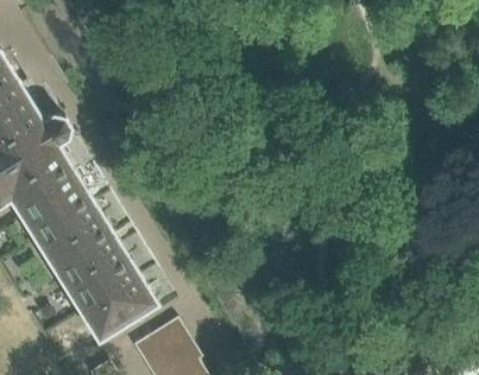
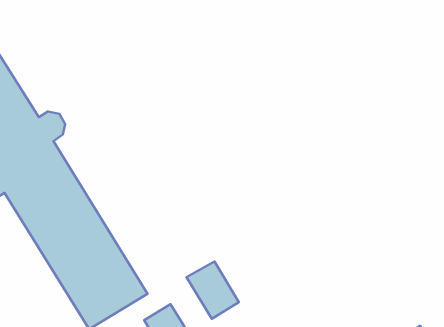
building: none -> [186,261,239,319]

